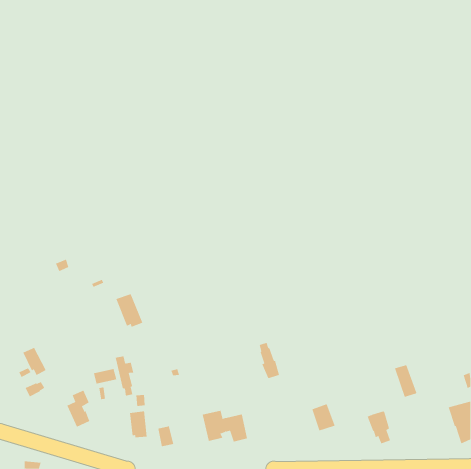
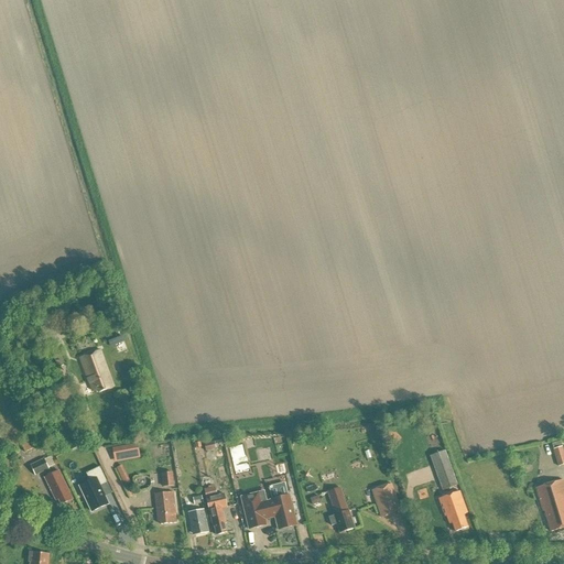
building: [115,293,143,327] -> [80,350,113,391]
building: [259,342,280,379] -> [329,488,355,532]
building: [22,347,46,376] -> [44,470,73,505]
building: [115,356,134,396] -> [204,486,227,534]
building: [394,364,417,398] -> [430,449,457,489]

